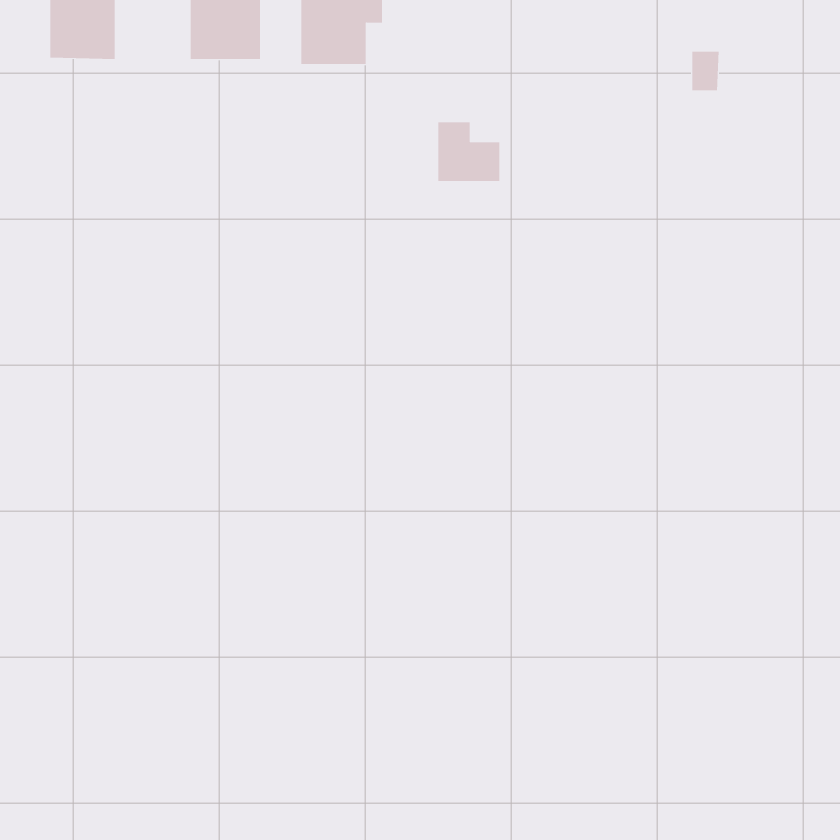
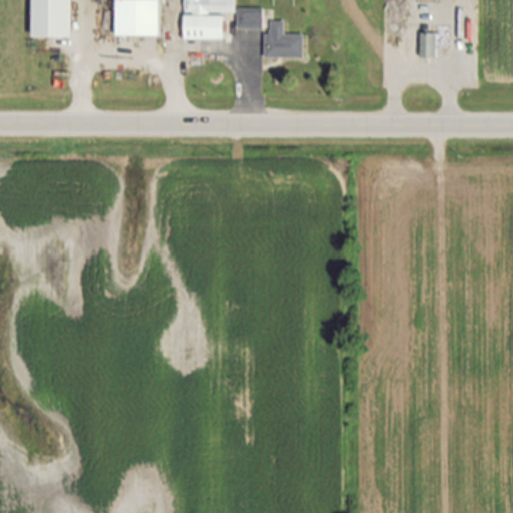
building: none -> [236,9,260,28]
building: [437,122,500,181] -> [264,21,302,57]

